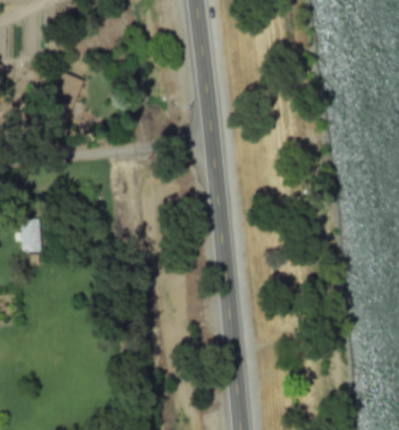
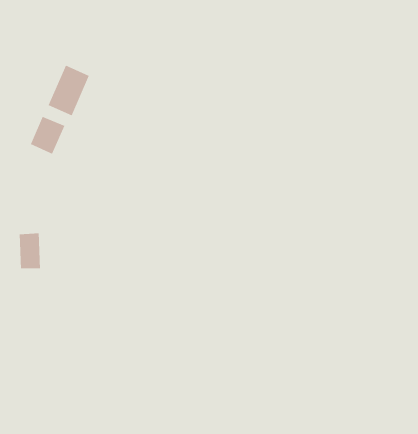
building: none -> [30,116,65,155]

